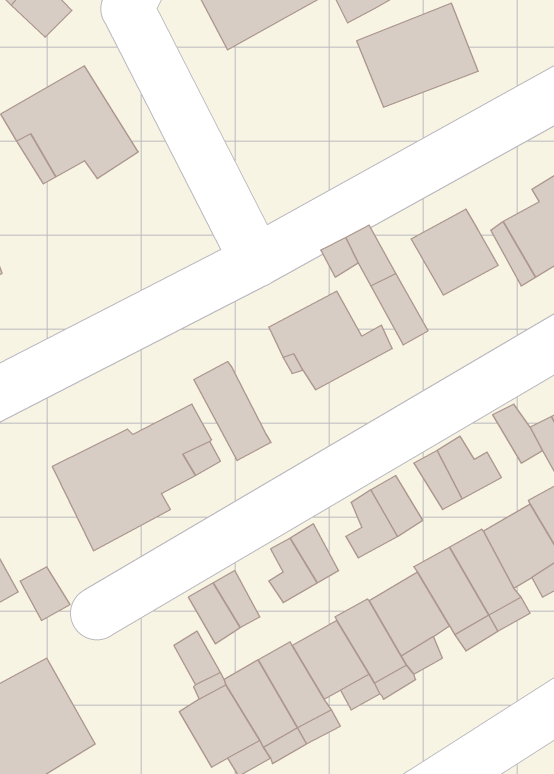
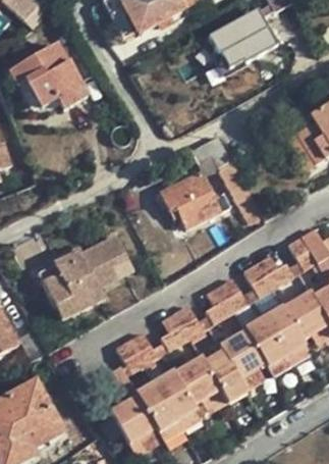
building: [411,209,498,295] -> none
building: [194,362,271,461] -> none

